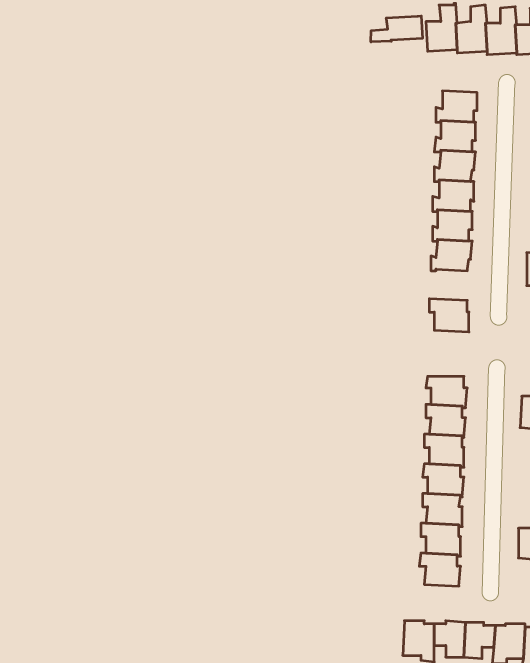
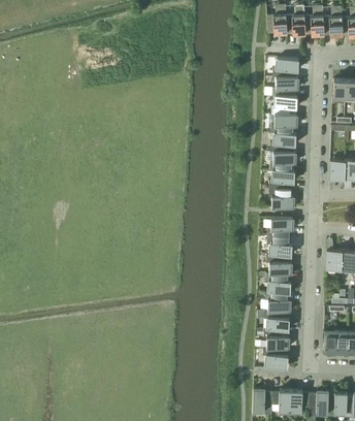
building: [371,16,422,42] -> none
building: none -> [269,170,295,190]
building: none -> [268,218,293,237]

